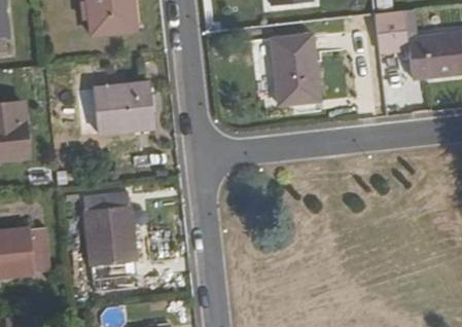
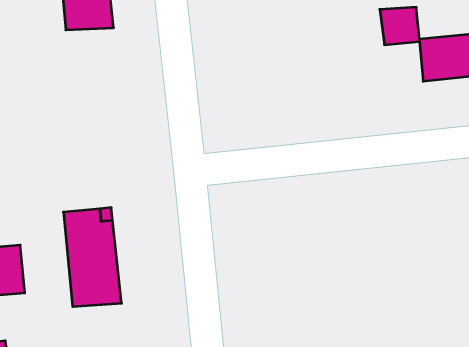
building: [269,36,316,107] -> none
building: [92,85,150,132] -> none

